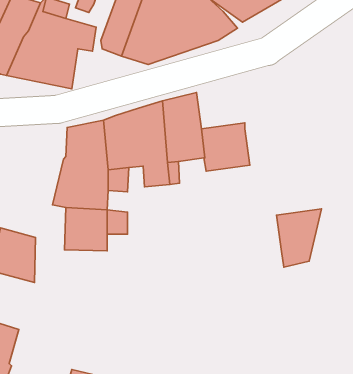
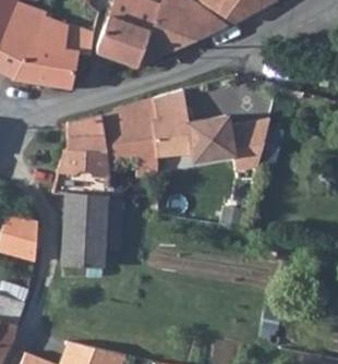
building: [277,209,321,267] -> [226,119,266,171]
building: none -> [63,233,101,264]

